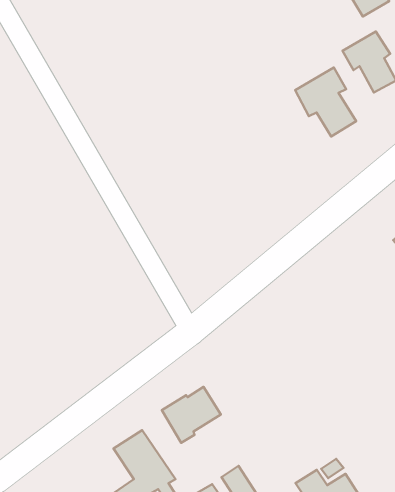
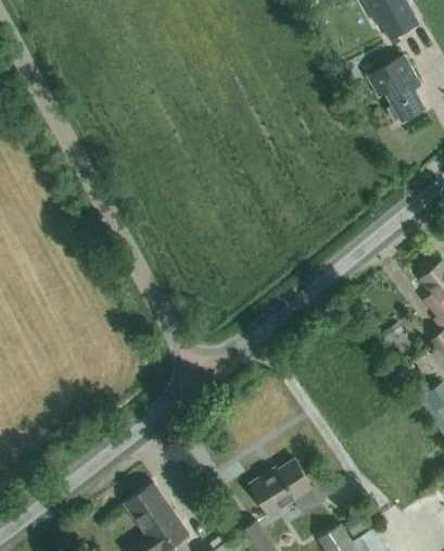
building: [295,68,356,137] -> none
building: [162,387,221,443] -> [250,459,313,518]

